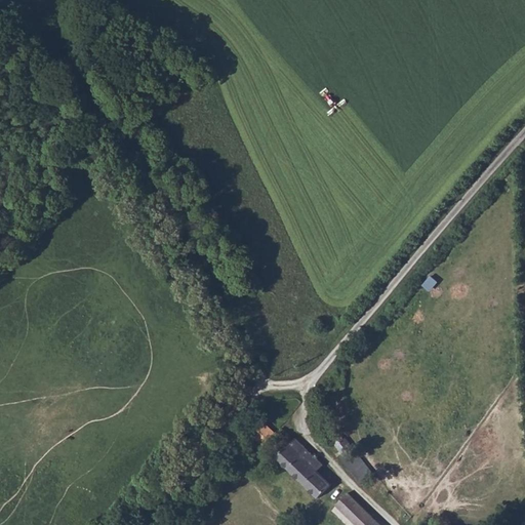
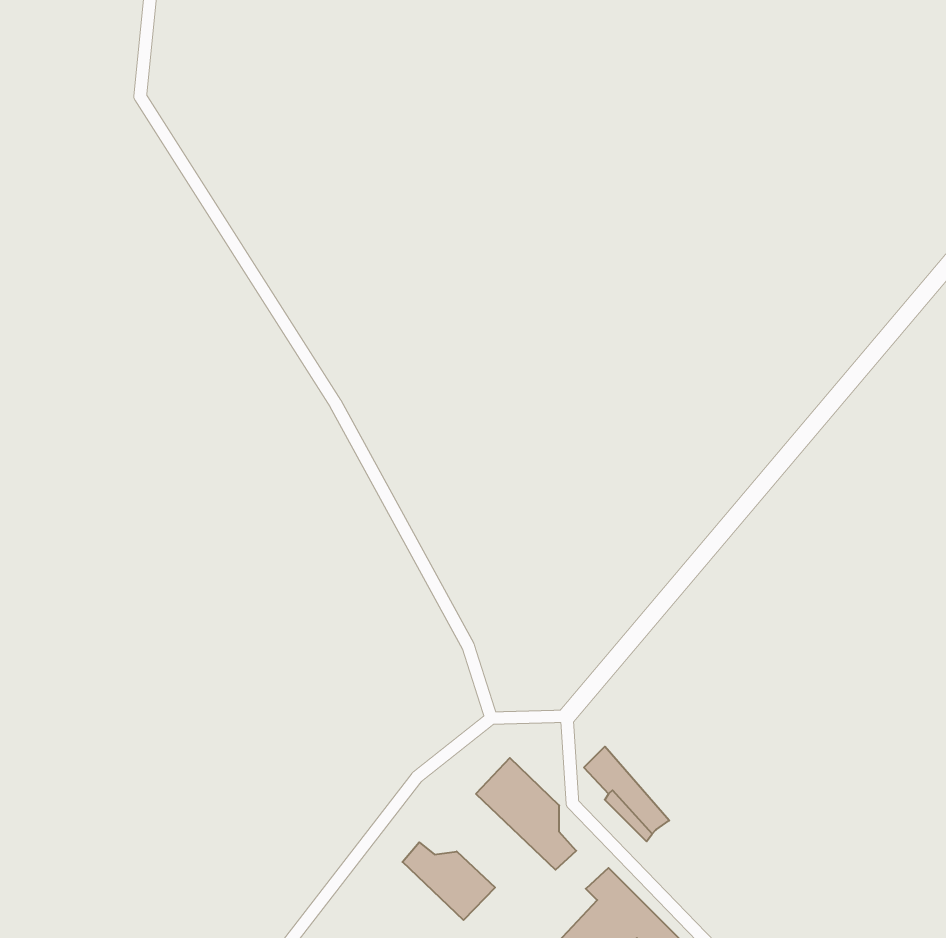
building: none -> [402,842,495,920]

